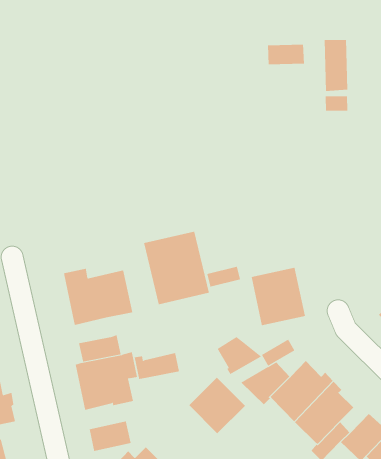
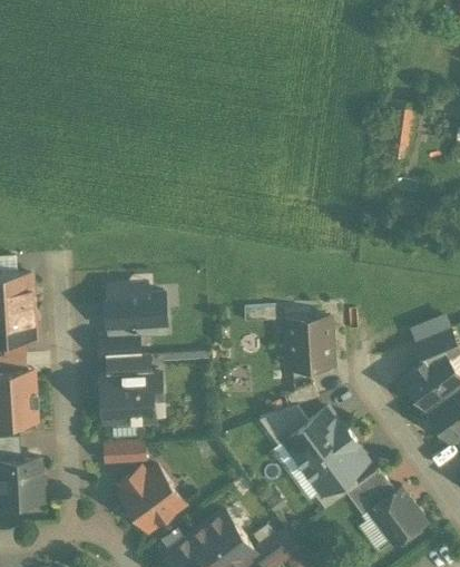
building: [267,44,304,65] -> none
building: [143,231,209,305] -> none
building: [217,336,262,375] -> none
building: [134,353,180,379] -> [99,335,141,358]
building: [188,377,246,434] -> none

